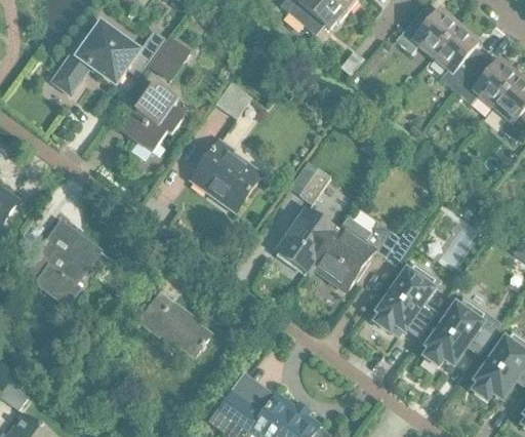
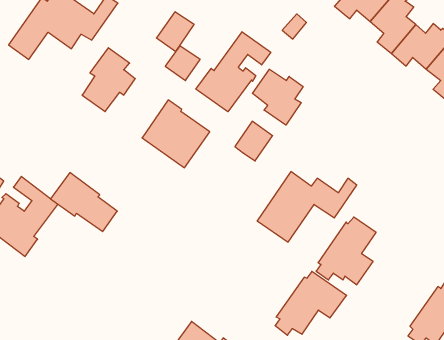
building: [149,38,189,80] -> [156,12,194,52]
building: none -> [196,32,271,112]
building: none -> [252,69,303,125]
building: [274,209,336,274] -> none
building: [139,293,210,356] -> [51,173,117,232]
building: [423,297,499,365] -> [275,271,347,335]

